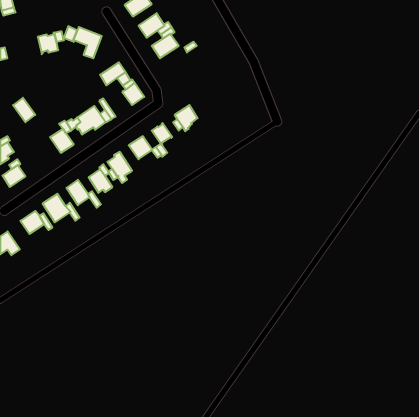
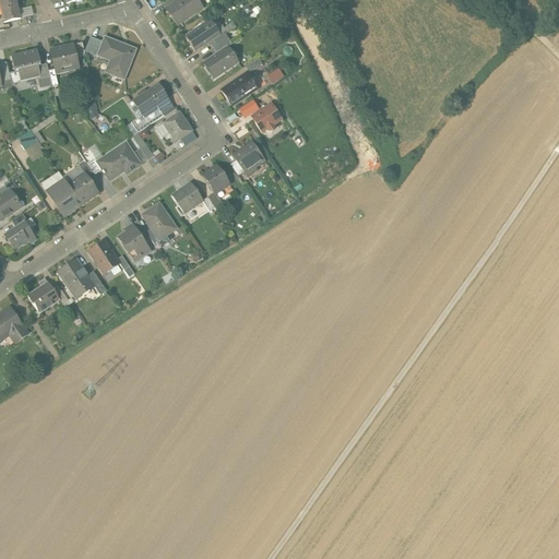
building: none -> [11,49,49,79]
building: none -> [221,71,258,105]
building: none -> [253,102,281,130]
building: none -> [47,180,81,216]

